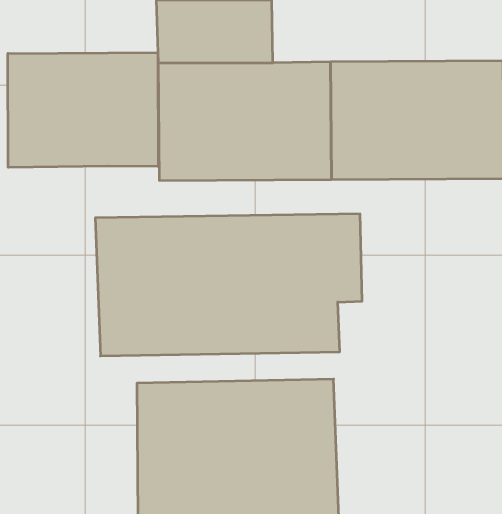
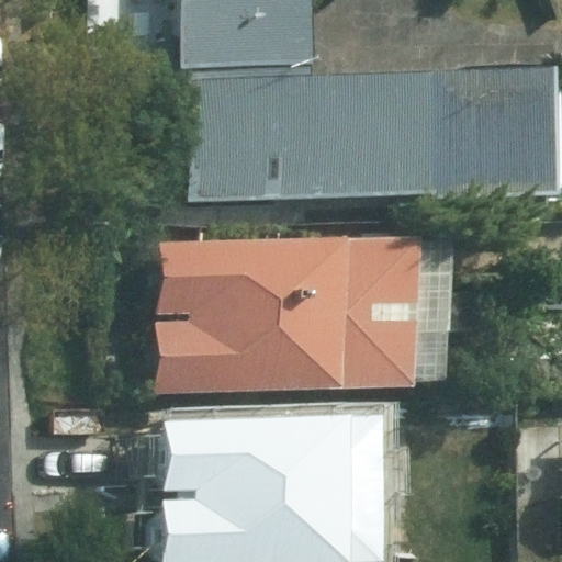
building: [8,52,158,167] -> none

